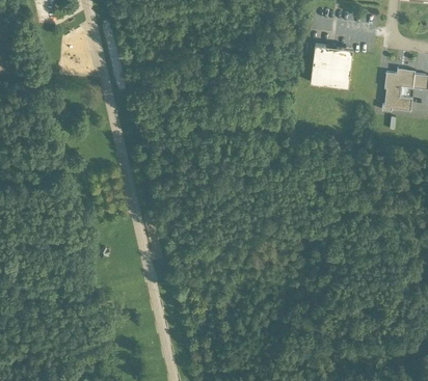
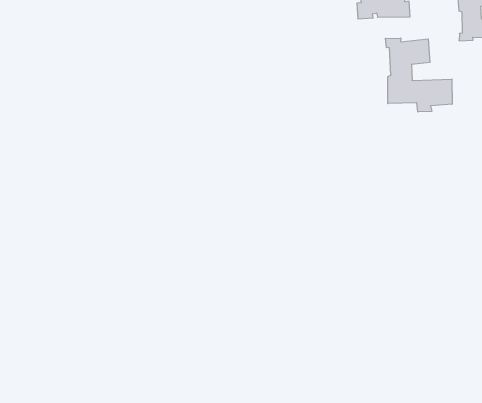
building: none -> [385,38,452,112]

